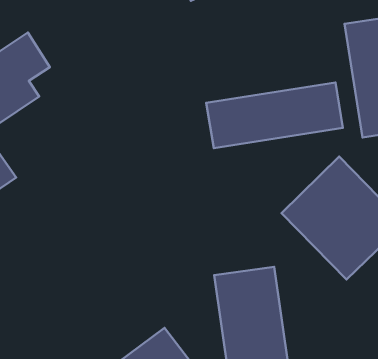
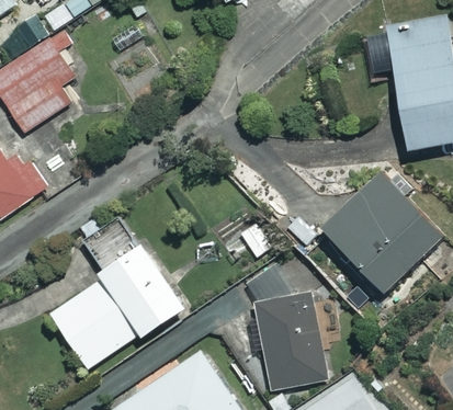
building: [206,83,343,148] -> none
building: none -> [47,246,182,369]

